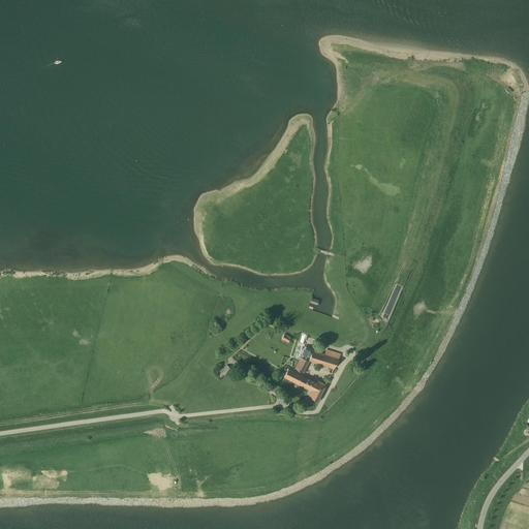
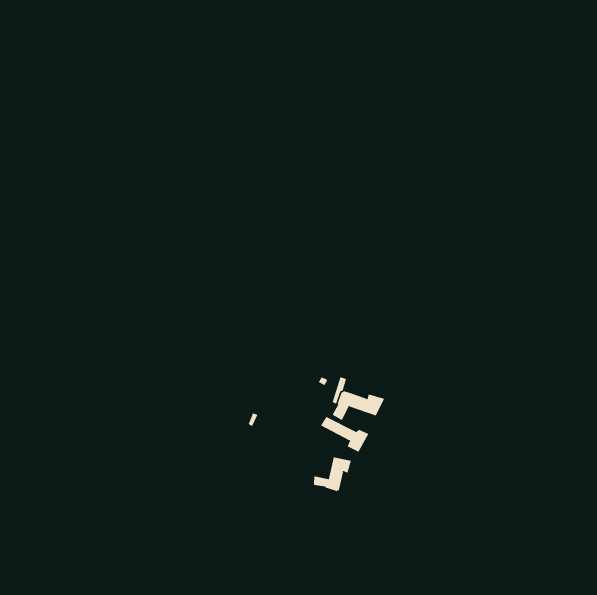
building: none -> [314,457,352,492]

